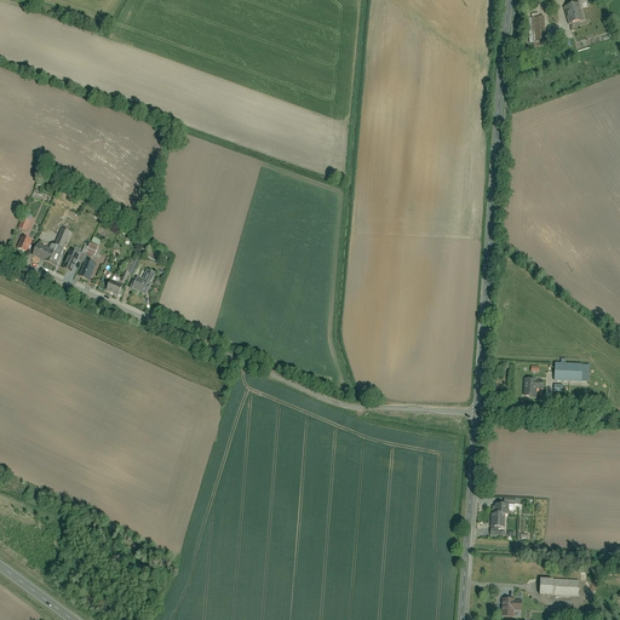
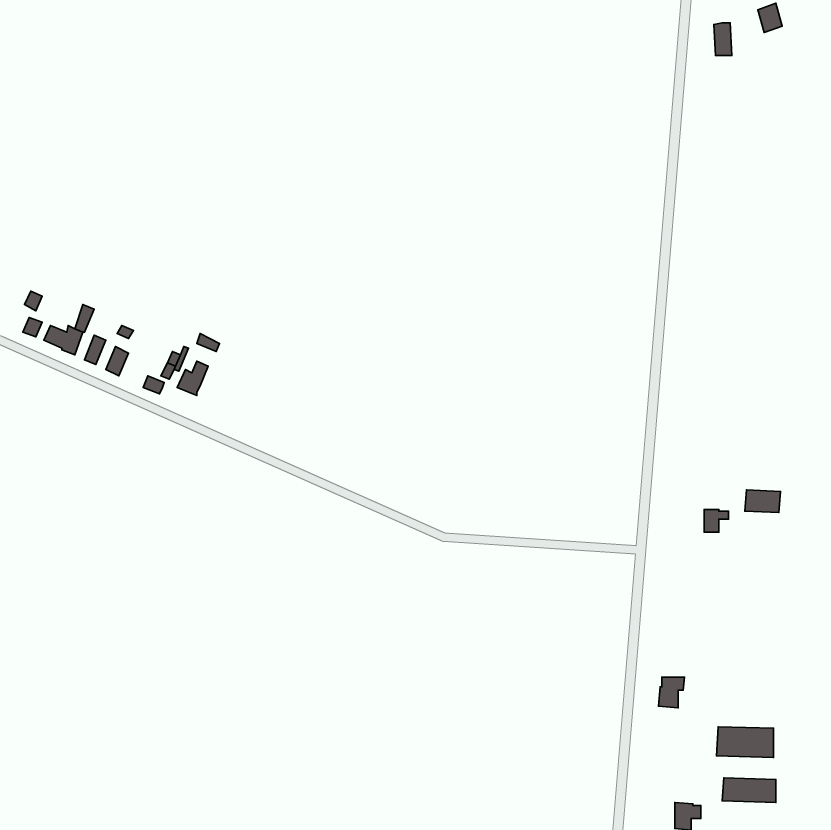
building: none -> [717,727,774,758]

